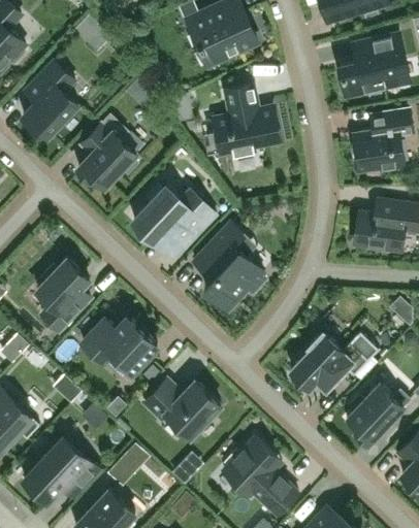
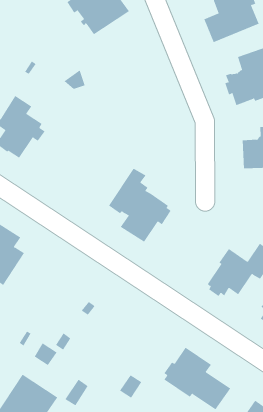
building: [215,86,276,156] -> none
building: [133,186,215,250] -> none
building: [82,317,157,380] -> none
building: [144,381,220,437] -> none

